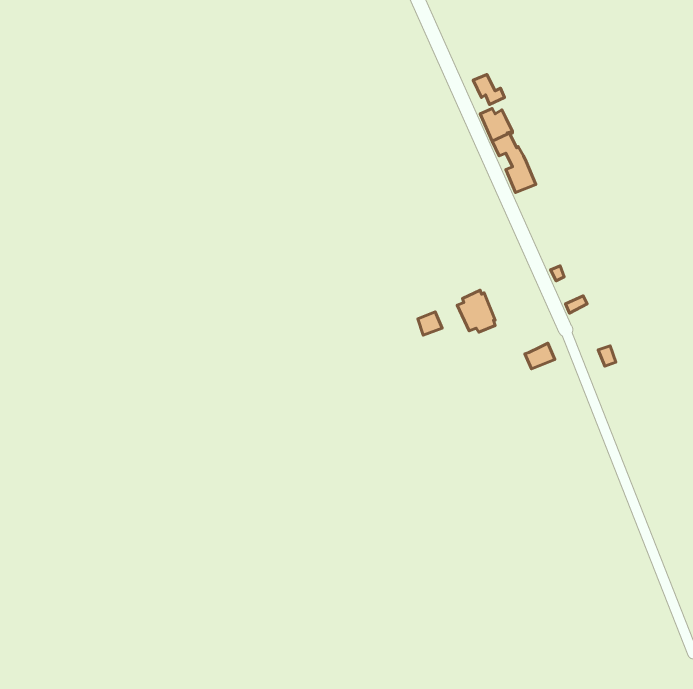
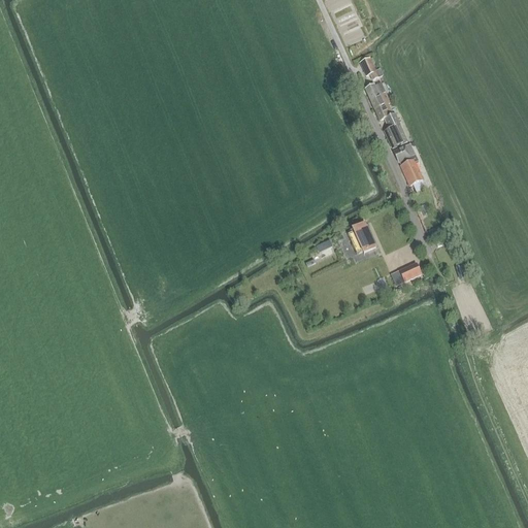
building: none -> [394,142,423,185]

